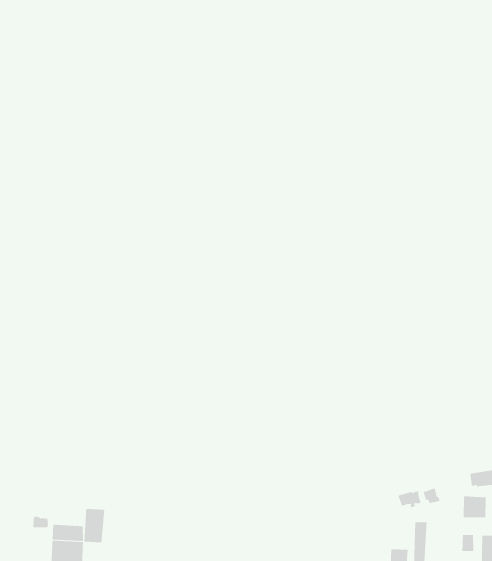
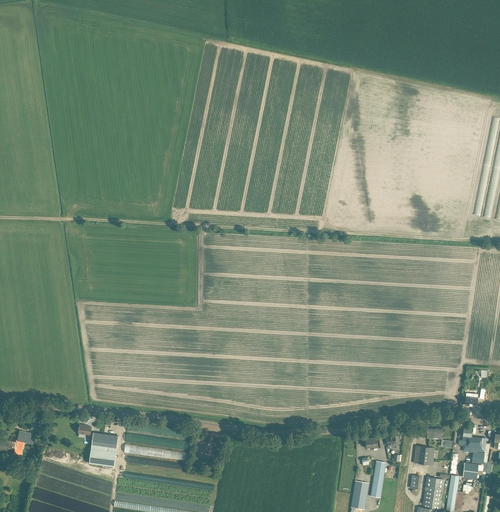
building: [84,508,105,543] -> none

